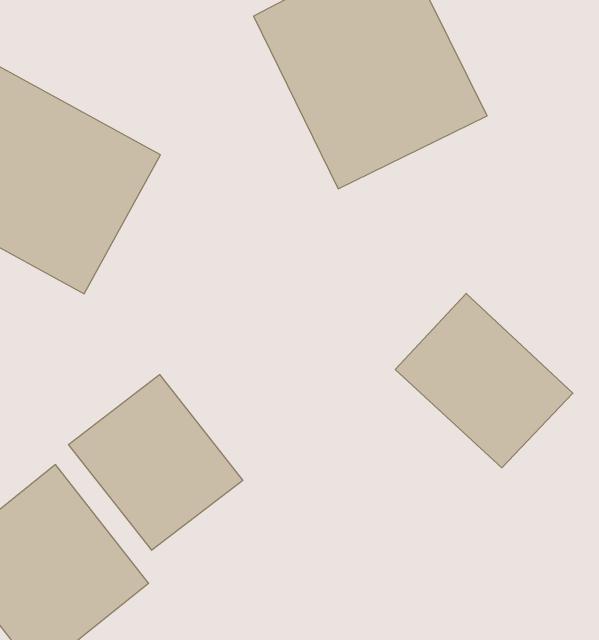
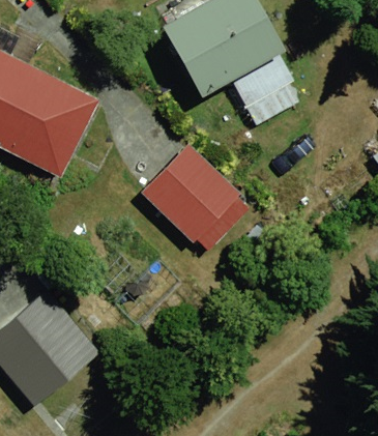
building: [395,293,573,468] -> [132,139,240,245]
building: [69,375,243,550] -> none

